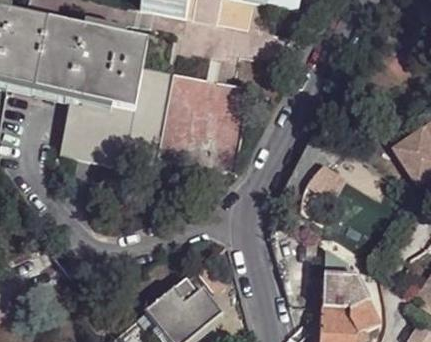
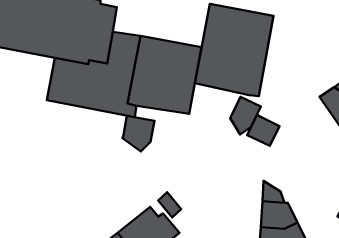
building: none -> [195,4,273,96]
building: none -> [230,97,261,135]
building: none -> [123,116,154,152]

